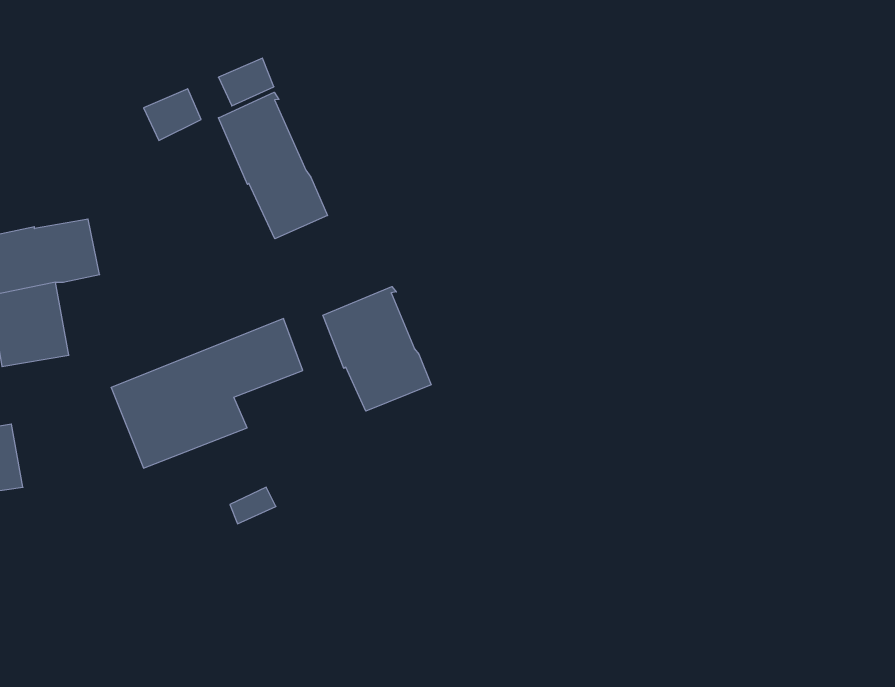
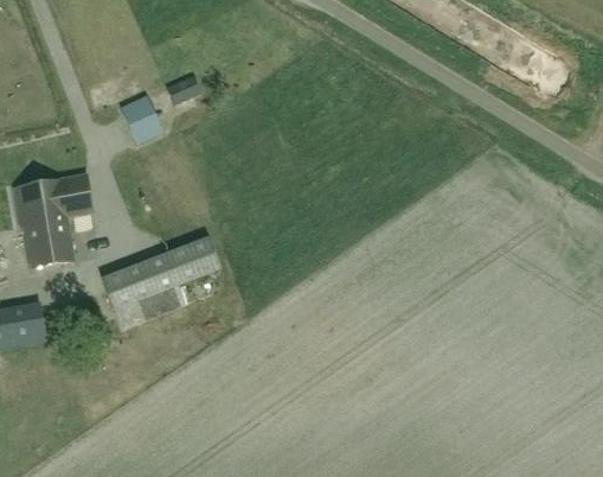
building: [218,92,327,239] -> none
building: [323,287,431,411] -> none

